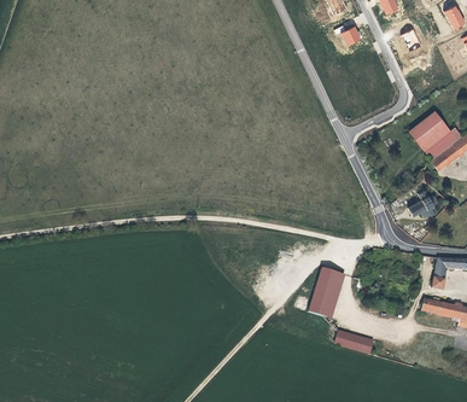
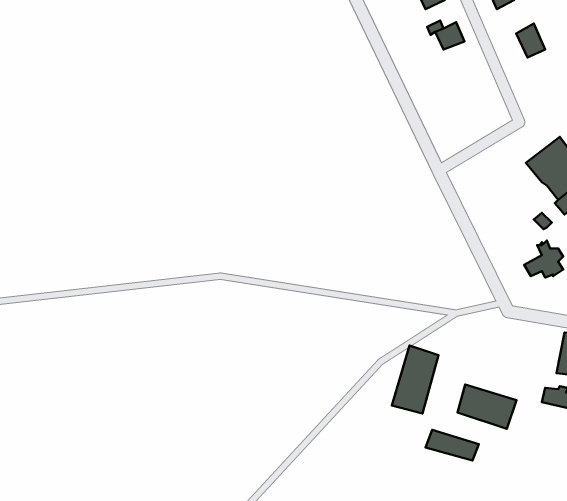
building: none -> [457,384,516,429]

